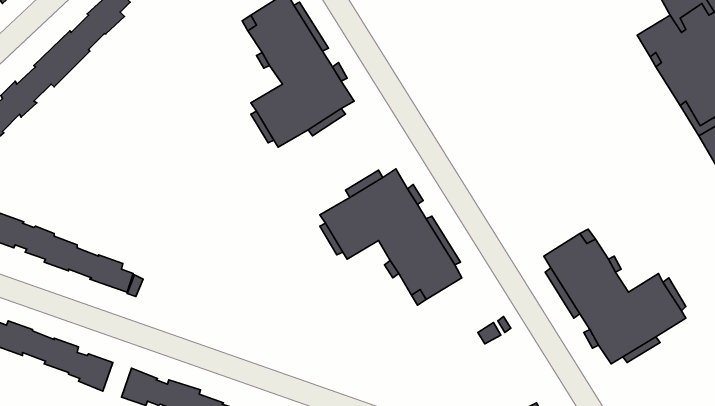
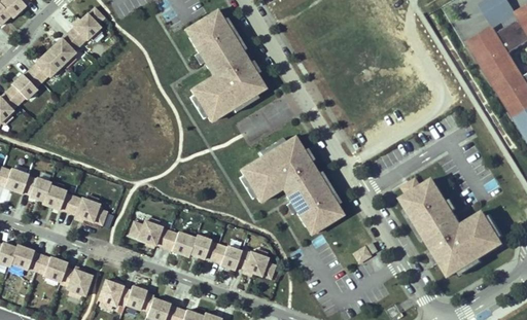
building: none -> [129,220,275,278]

